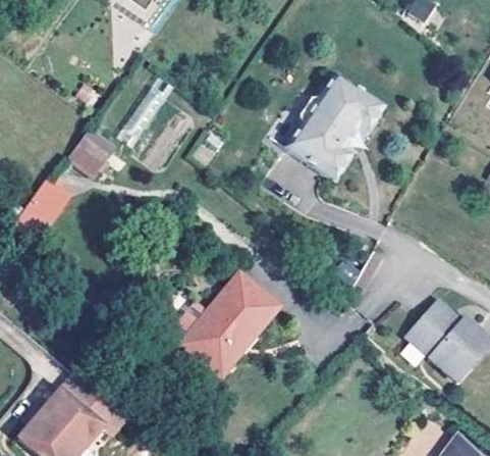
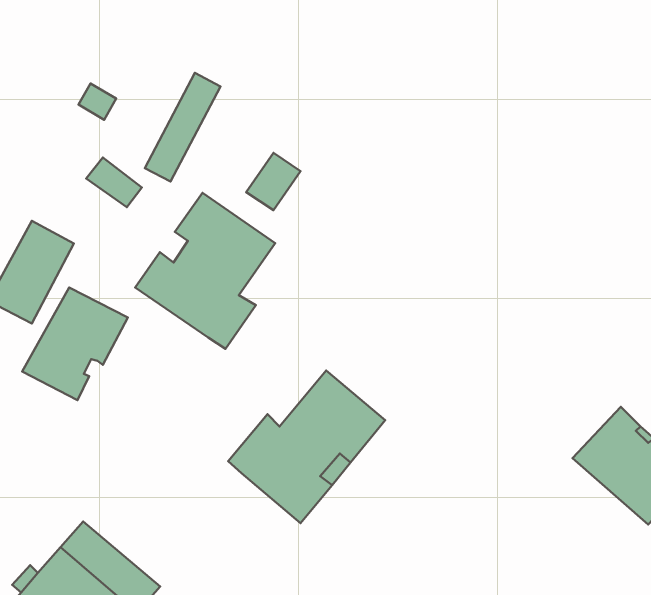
building: [287,75,385,182] -> none
building: none -> [135,193,275,349]
building: none -> [22,287,128,400]

